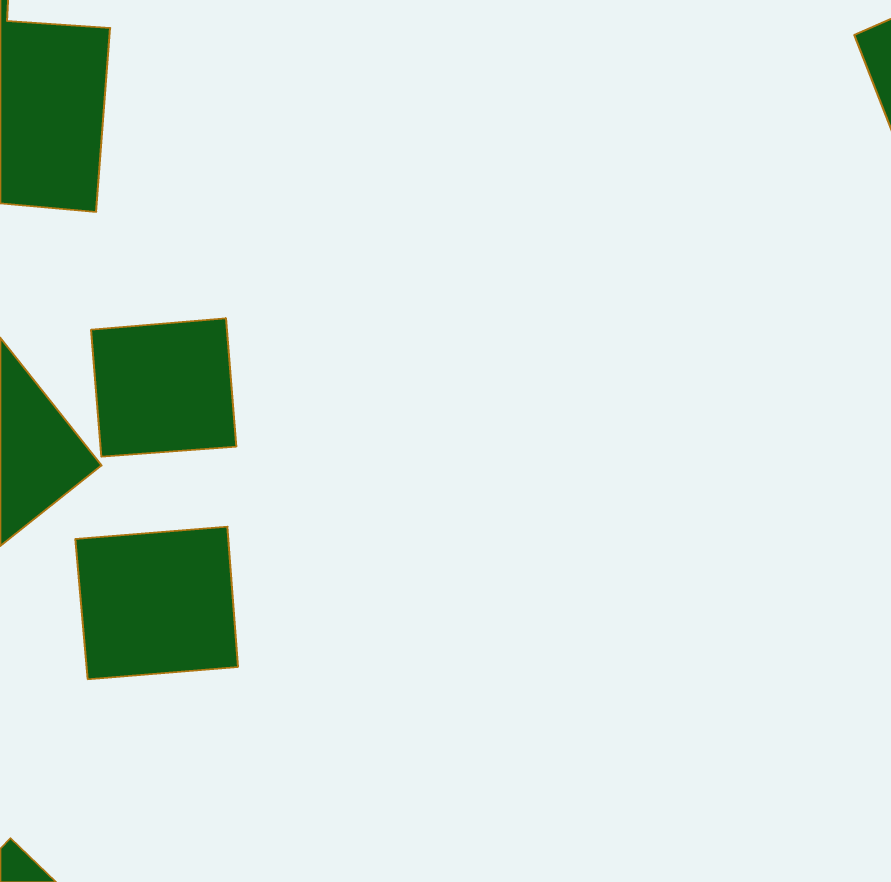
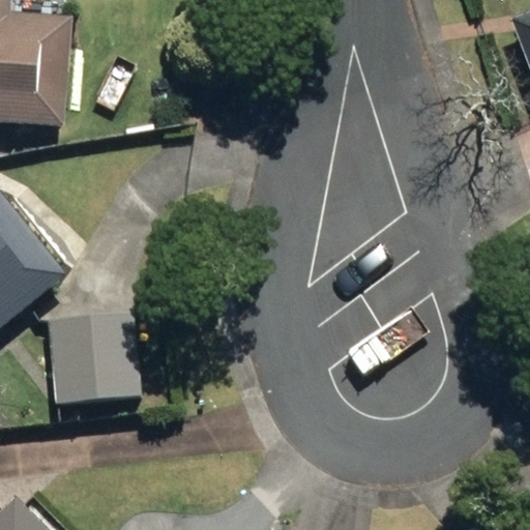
building: [91,318,236,457] -> none

